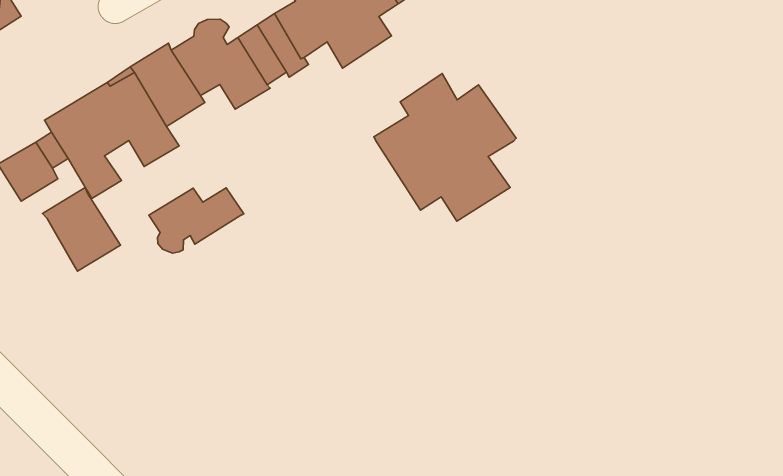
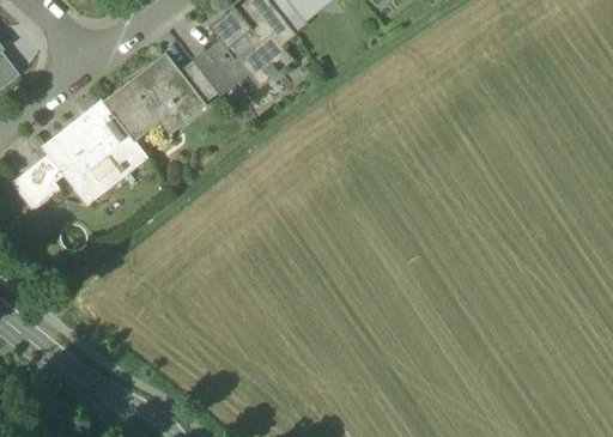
building: [374,74,516,221] -> none
building: [42,187,120,271] -> none
building: [149,188,244,253] -> none

